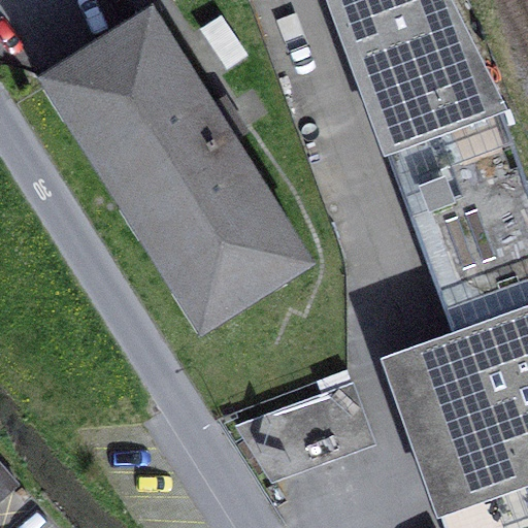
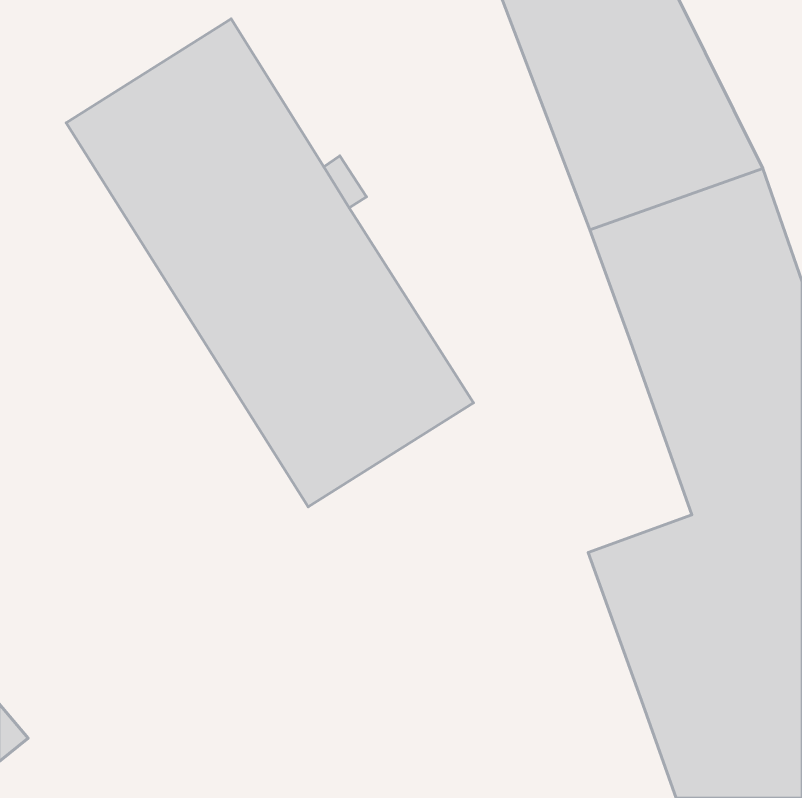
building: [238,384,372,475] -> none

